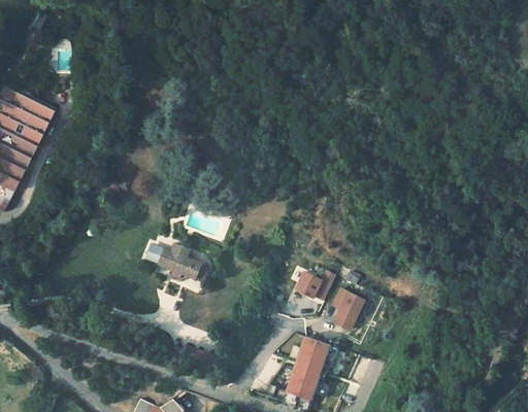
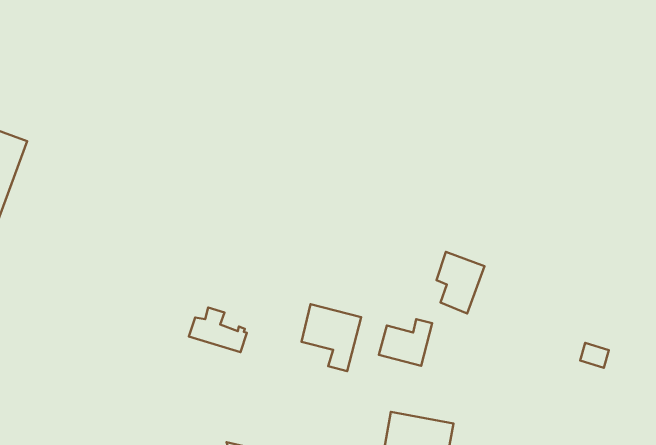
building: none -> [301,304,361,371]
building: [329,285,365,332] -> [436,252,485,314]

